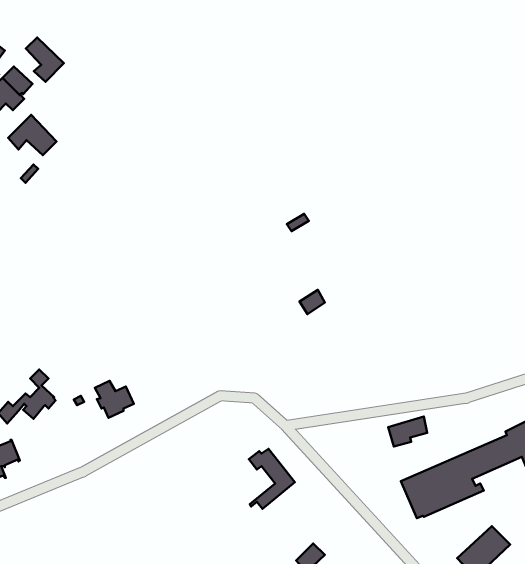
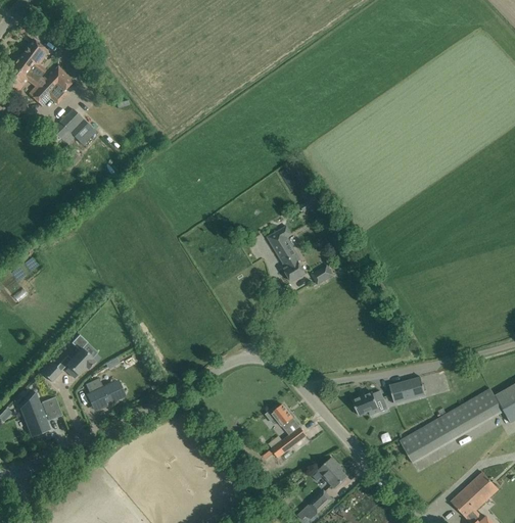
building: [26,37,64,82] -> none
building: none -> [267,225,306,281]
building: [95,381,134,418] -> [85,378,120,411]
building: none -> [353,390,383,415]
building: none -> [319,457,347,487]

